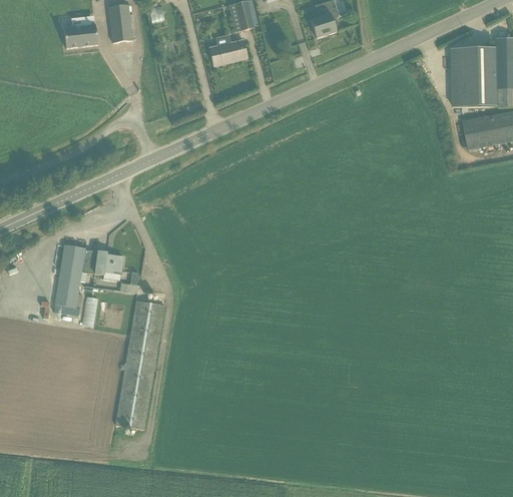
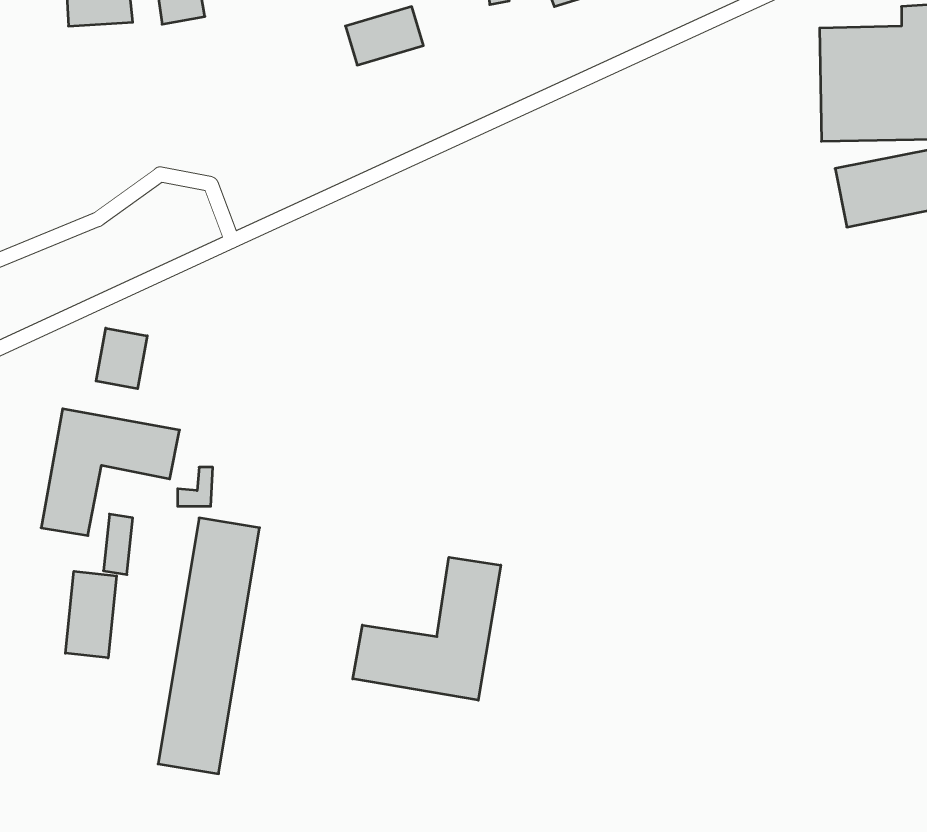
building: none -> [96,328,147,389]
building: none -> [353,557,501,700]
building: none -> [65,571,117,658]

